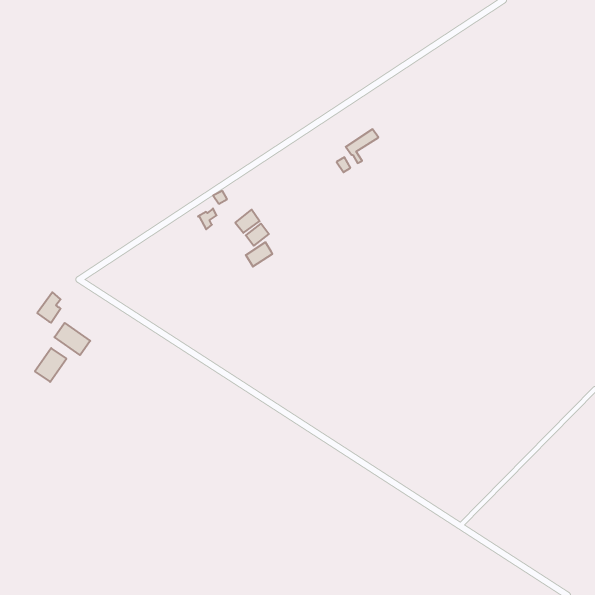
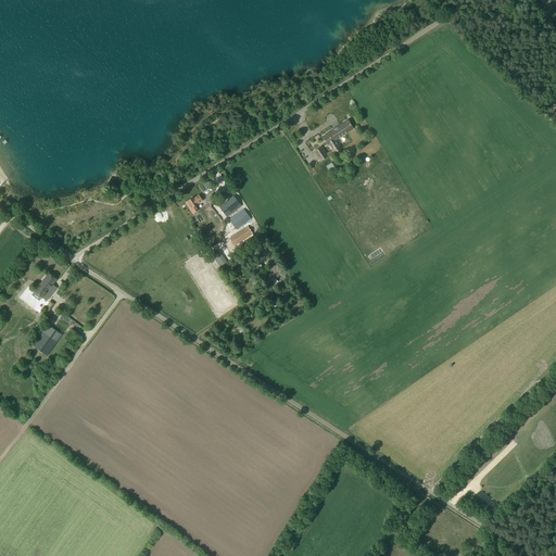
building: [54,323,90,355] -> none

